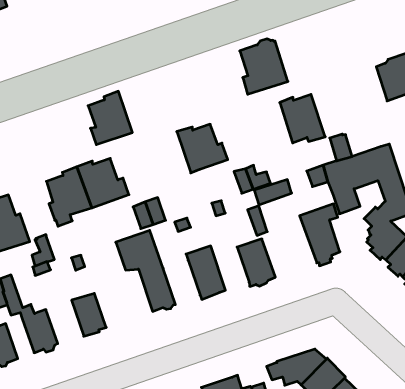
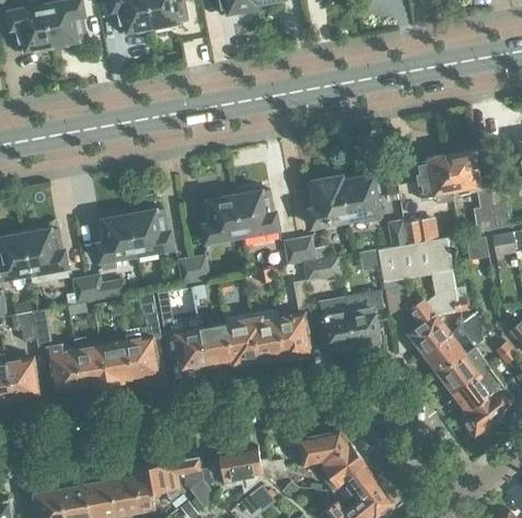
building: [240,39,288,94] -> [304,176,349,228]
building: none -> [415,154,453,204]
building: [88,91,132,145] -> [200,192,242,243]
building: none -> [404,217,438,245]
building: none -> [320,296,355,352]
building: none -> [86,274,126,302]
building: none -> [251,308,283,360]
building: none -> [199,323,232,367]
building: none -> [124,326,159,380]
building: none -> [72,338,108,387]

